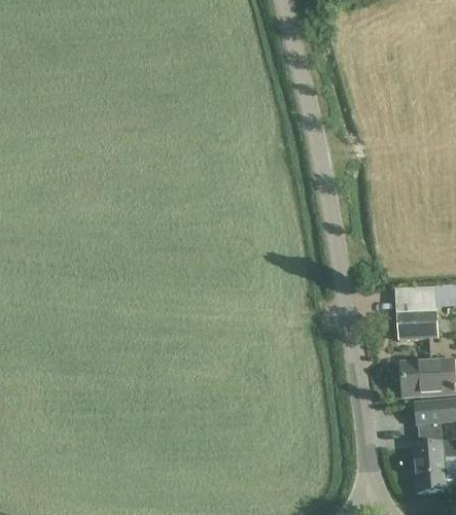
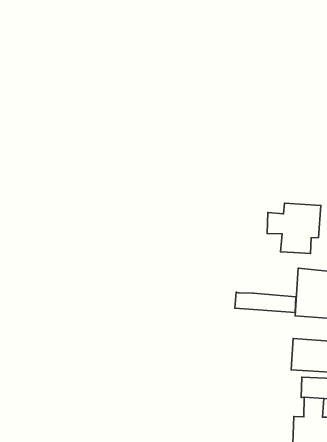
building: none -> [267,203,321,254]
building: none -> [235,292,296,312]

